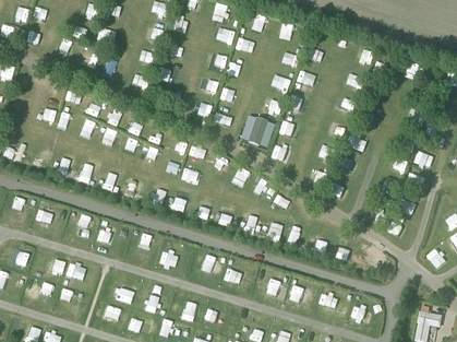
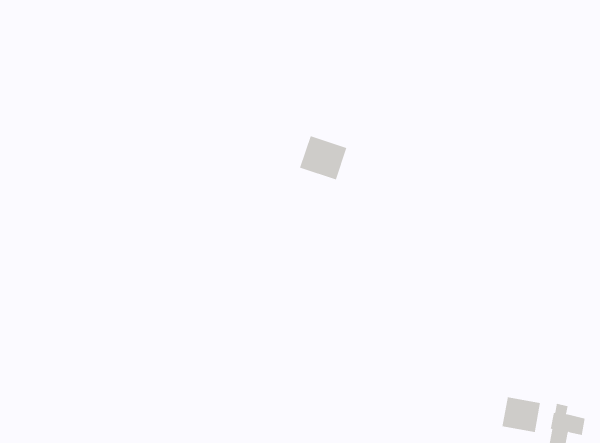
building: none -> [502,397,541,433]

